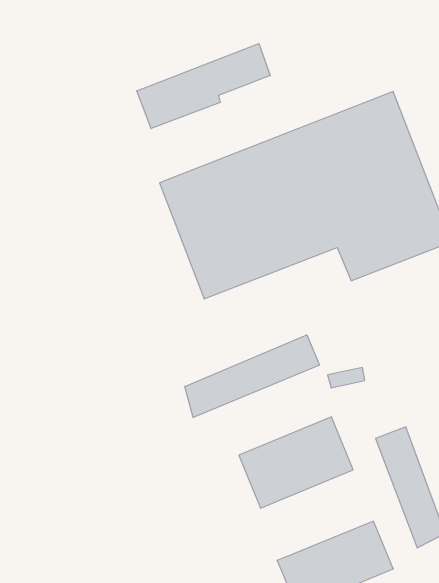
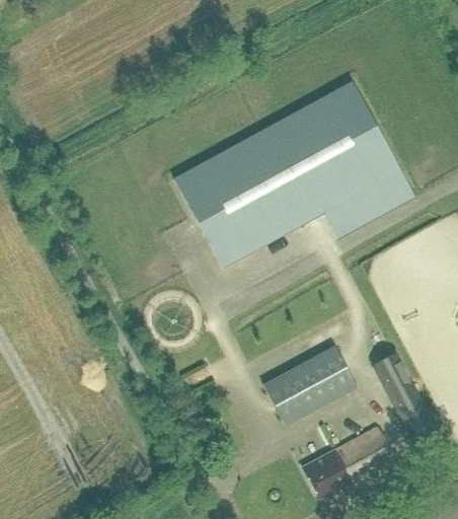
building: [137,44,270,129] -> none
building: [185,335,319,418] -> none

